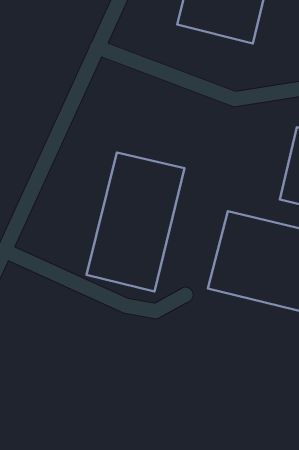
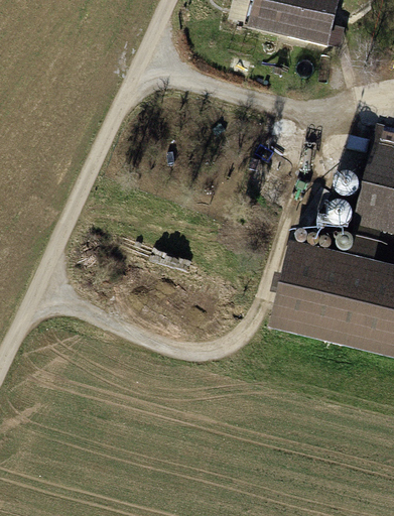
building: [87,153,184,291] -> none

